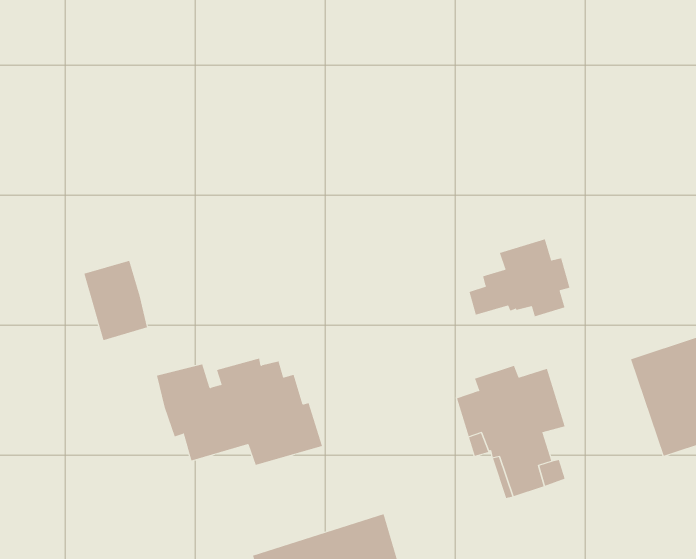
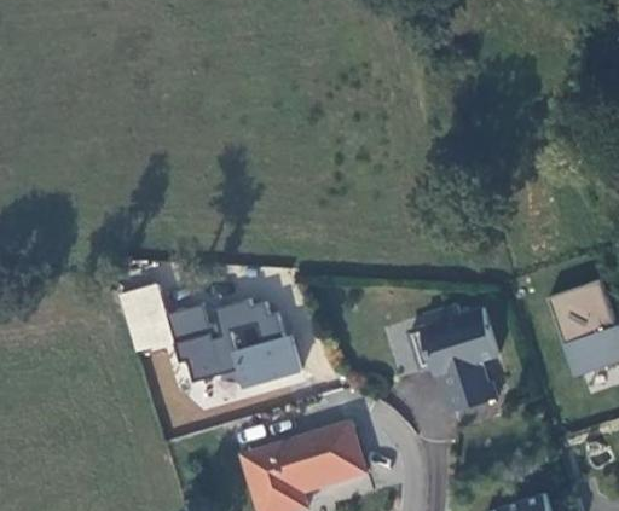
building: [469,238,570,317] -> none
building: [83,260,148,341] -> [121,284,173,349]

